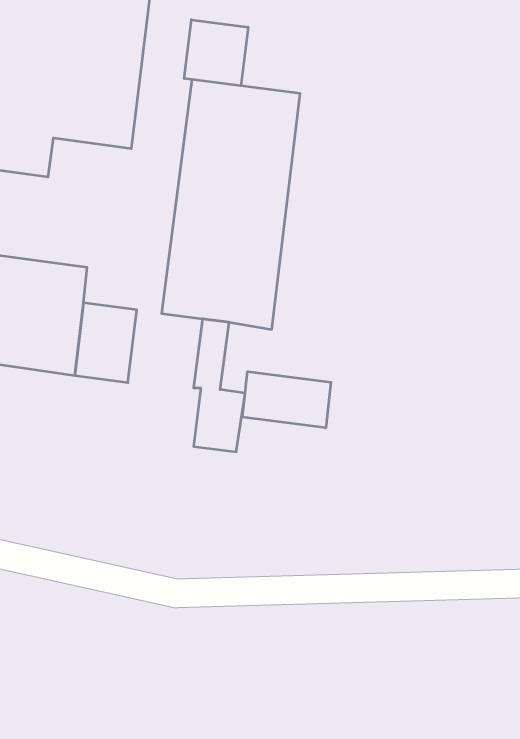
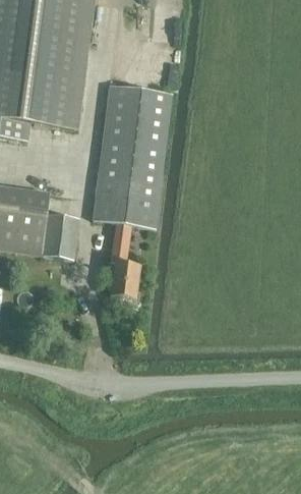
building: [184,20,248,86] -> none
building: [242,372,331,428] -> none

